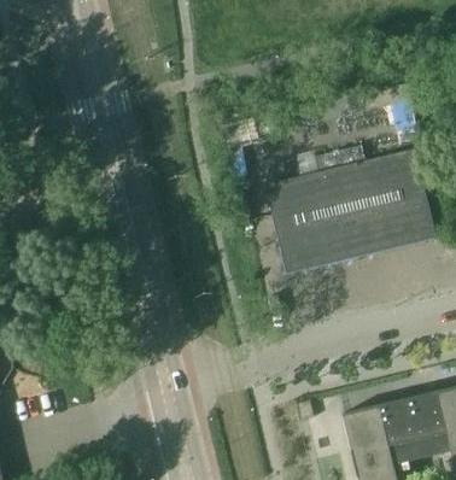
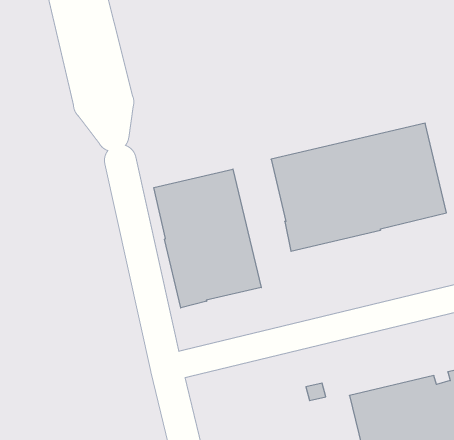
building: none -> [154,169,261,308]

